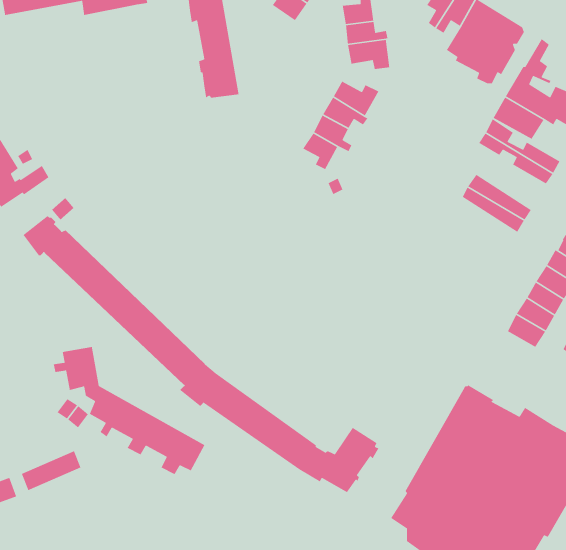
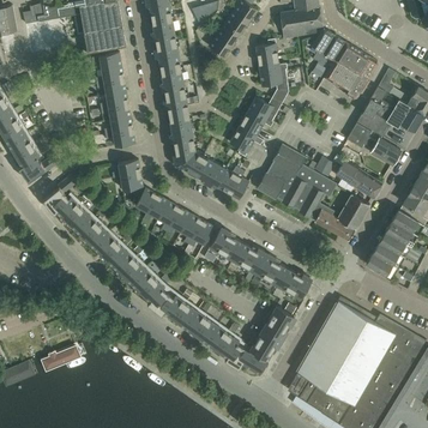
building: none -> [92,52,137,145]
building: none -> [170,116,249,198]
building: none -> [258,143,370,240]
building: none -> [210,228,312,299]
building: [53,346,205,475] -> [113,159,215,246]
building: none -> [264,305,295,338]

